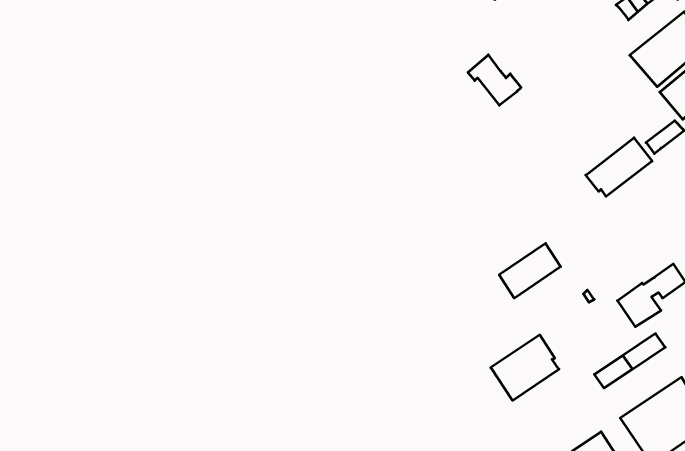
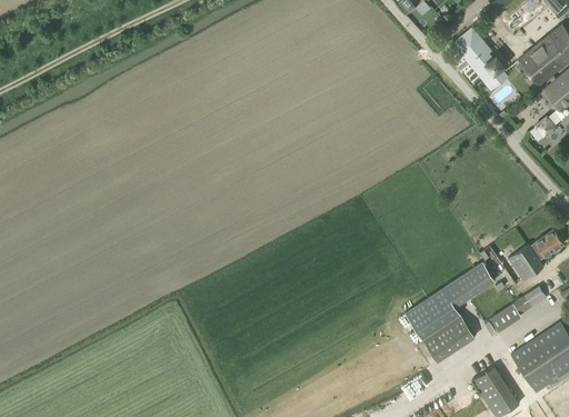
building: [468,55,521,105] -> [461,39,505,80]
building: [586,138,652,196] -> none
building: [499,243,561,298] -> [445,261,495,306]
building: none -> [422,315,475,363]

